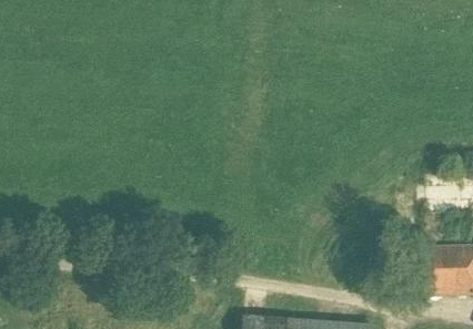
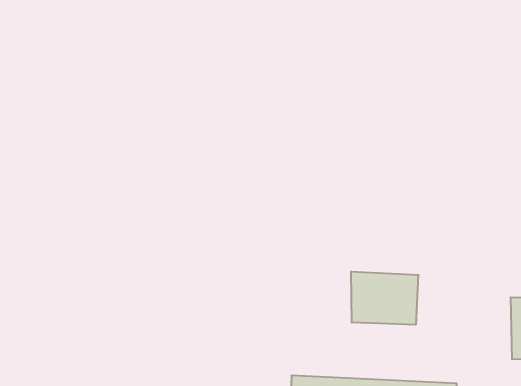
building: none -> [351,271,418,325]

